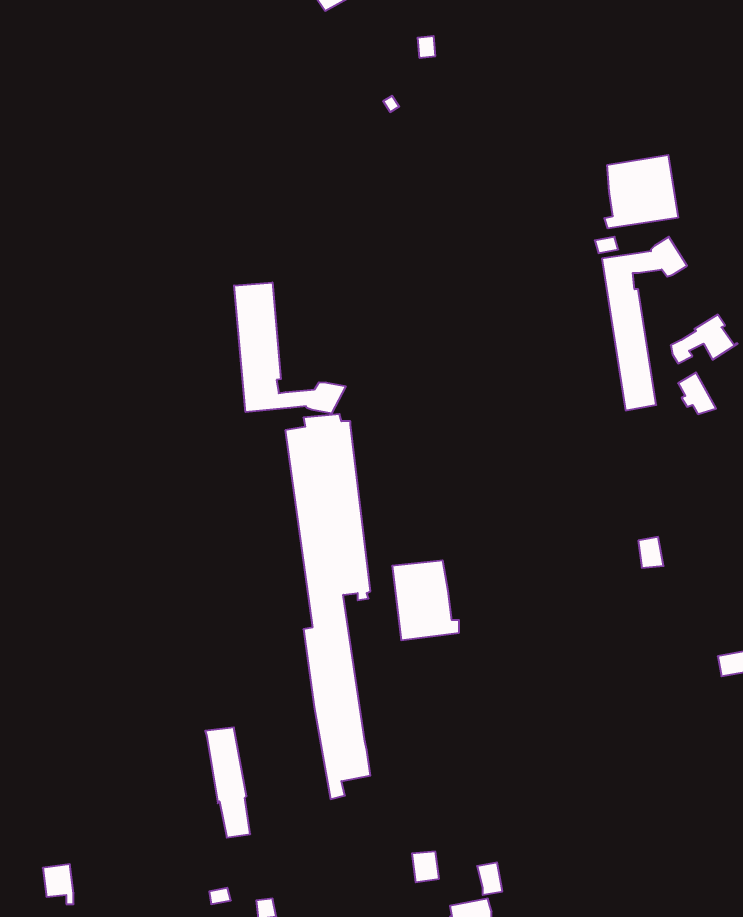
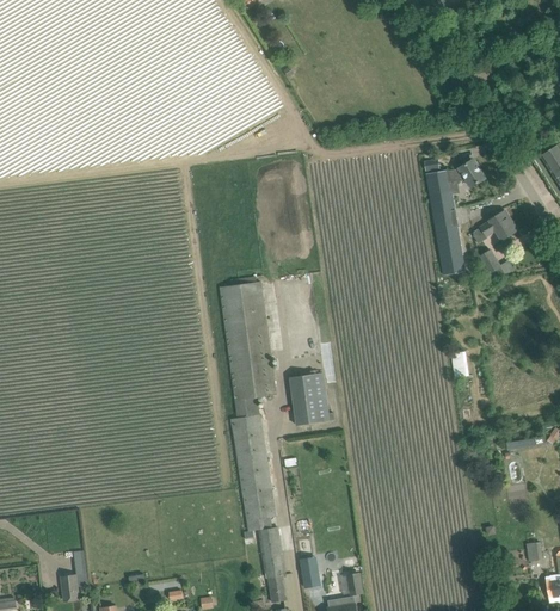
building: [604,155,678,228] -> none
building: [234,282,346,414] -> none
building: [205,727,250,838] -> [258,529,288,601]

